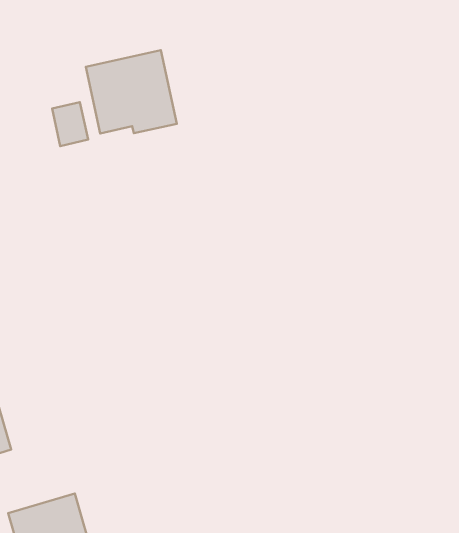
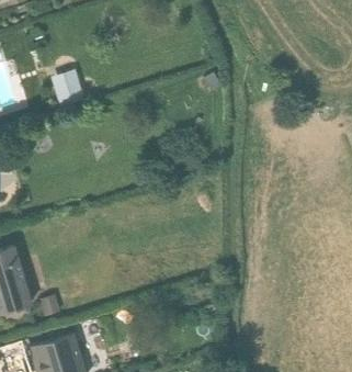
building: [86,50,177,134] -> none

